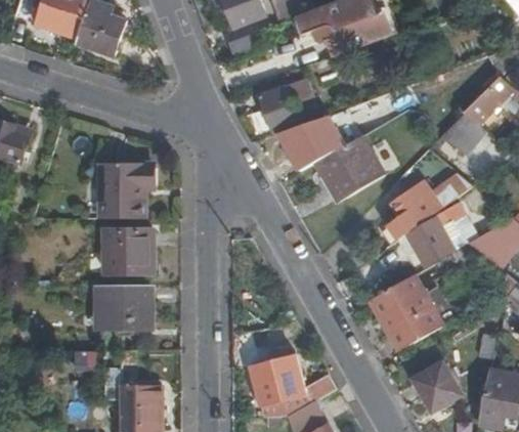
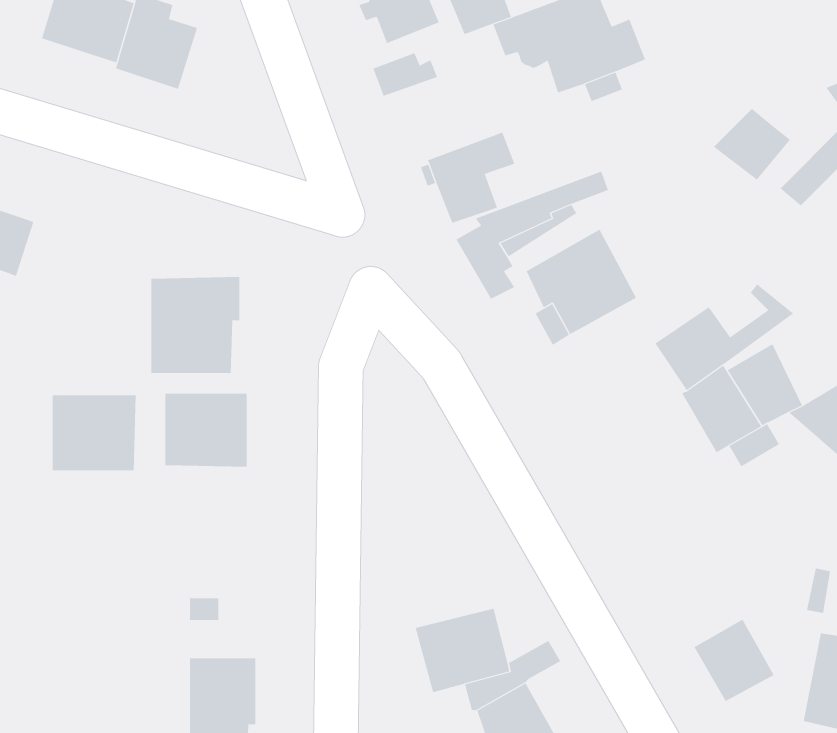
building: [440,112,485,154] -> [713,108,791,180]
building: [367,273,441,350] -> none
building: [100,285,149,329] -> [52,395,136,471]

